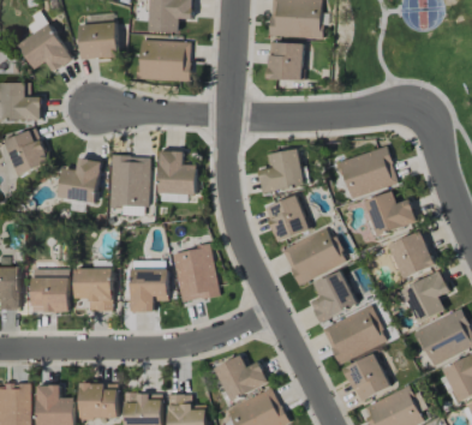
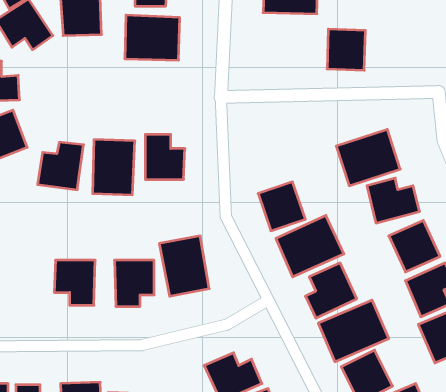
building: [268,42,304,80] -> [327,29,365,70]
building: [258,149,305,193] -> none
building: [32,269,70,312] -> none

